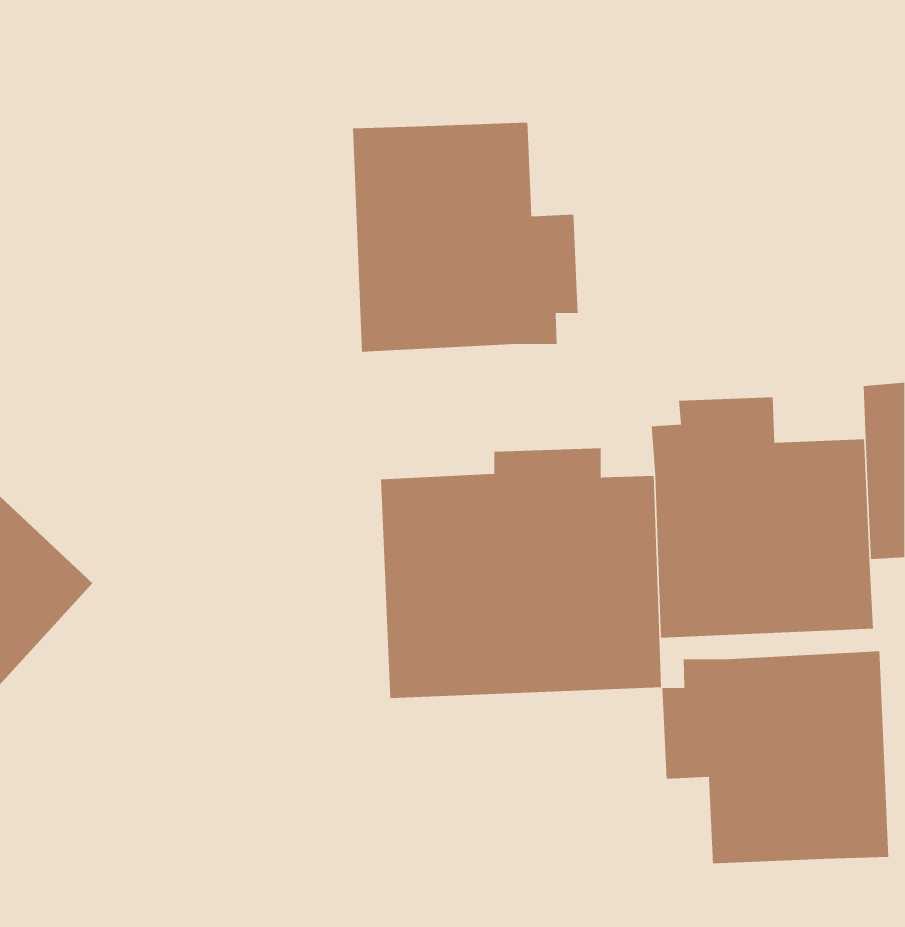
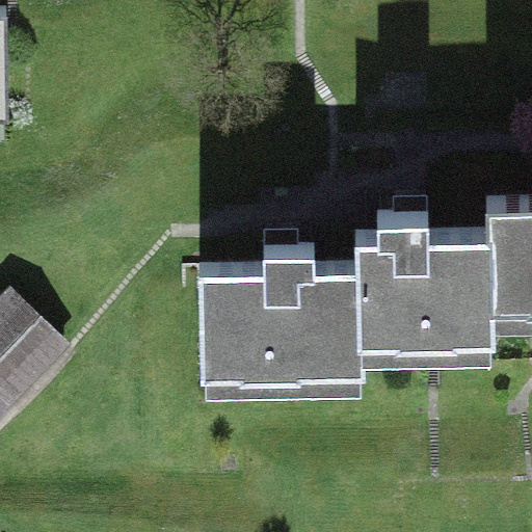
building: [352,122,578,352] -> none
building: [662,650,889,864] -> none

